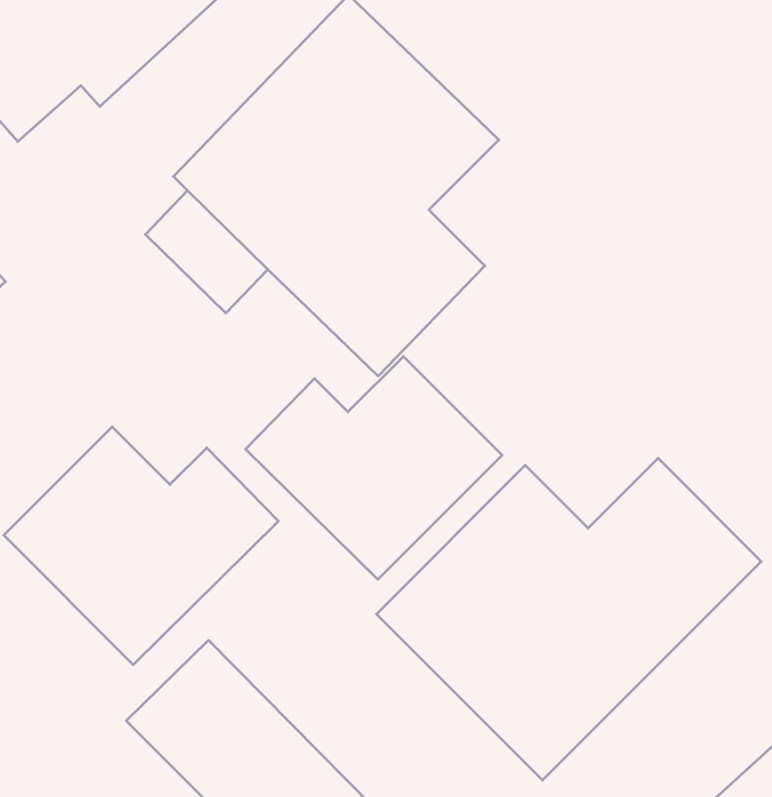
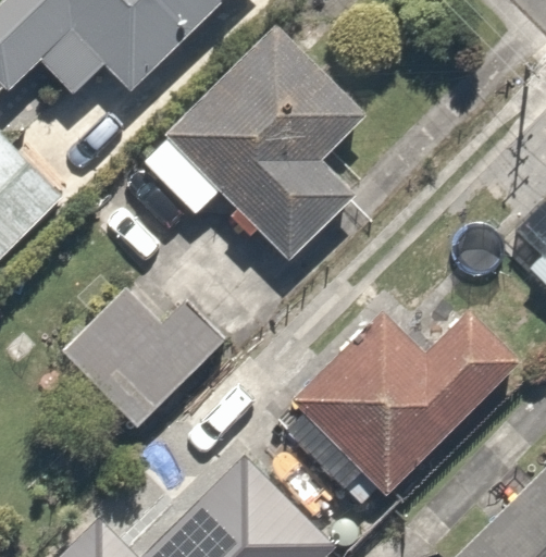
building: [246,356,502,579] -> none

